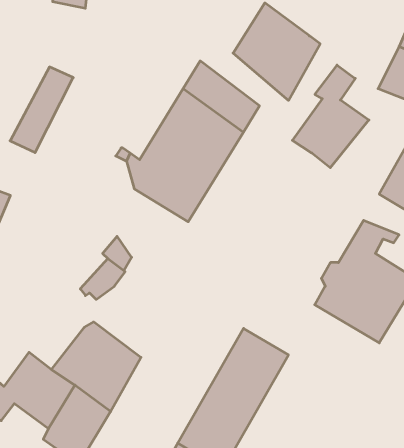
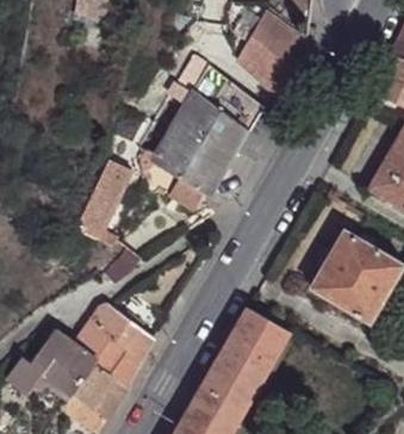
building: [292,65,369,168] -> none
building: [10,67,73,153] -> [75,161,132,238]

